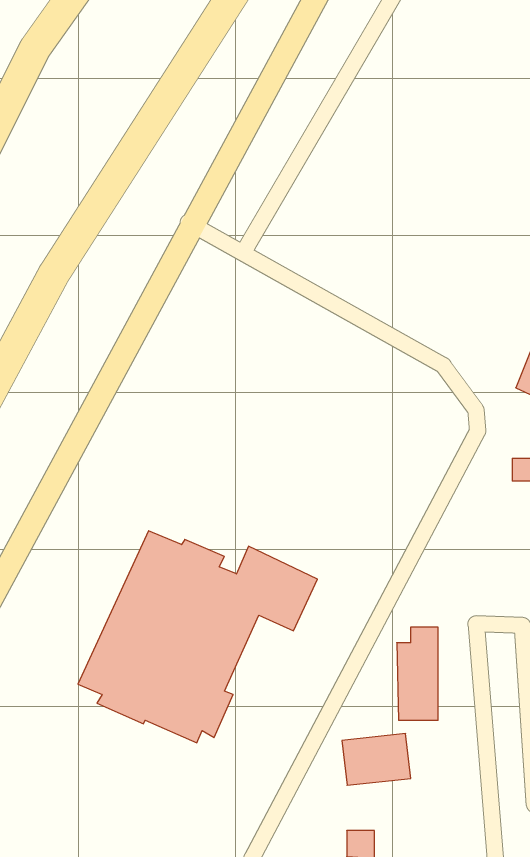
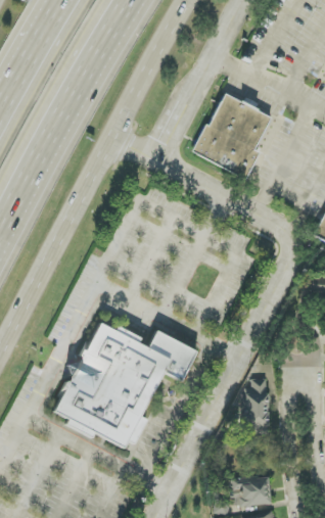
building: none -> [194,92,272,178]
building: [342,734,411,785] -> [232,475,273,506]

